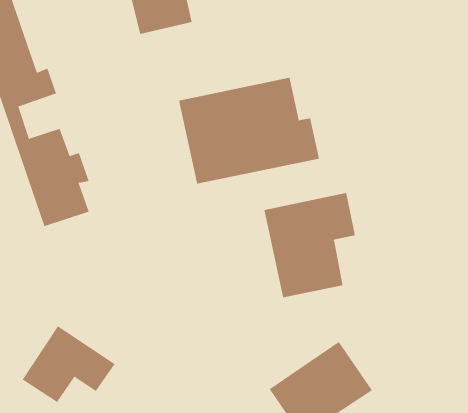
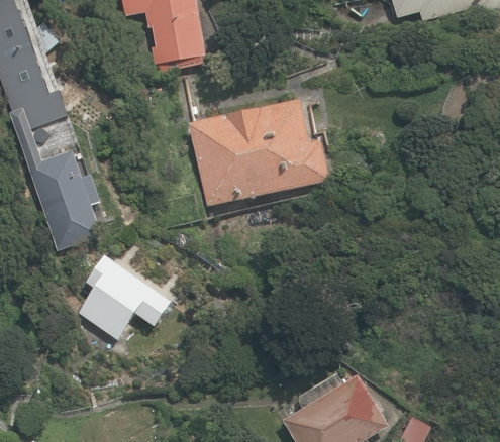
building: [264,192,355,298] -> none
building: [22,326,116,403] -> [79,259,172,336]

